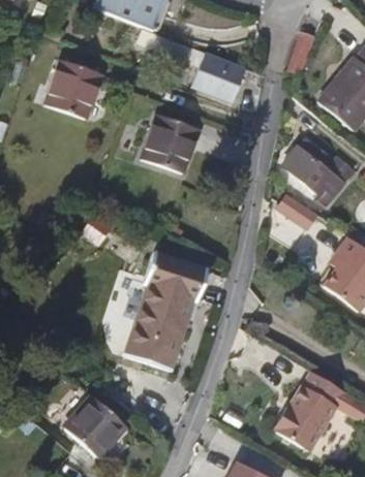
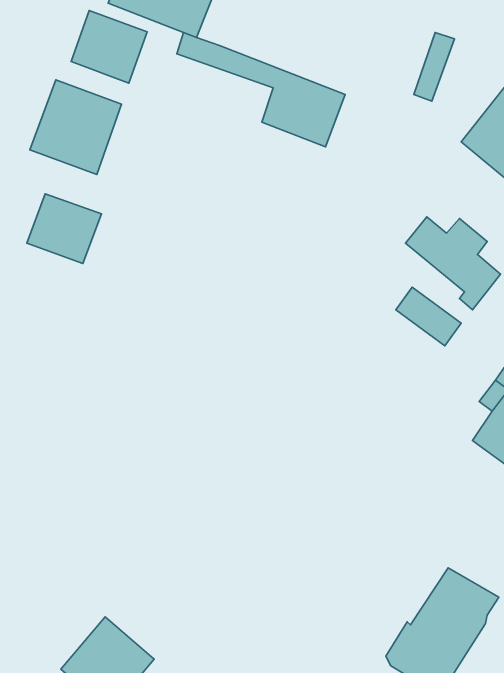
building: none -> [71,10,147,83]
building: [142,115,197,173] -> none
building: none -> [27,194,101,263]
building: [127,252,208,369] -> none

